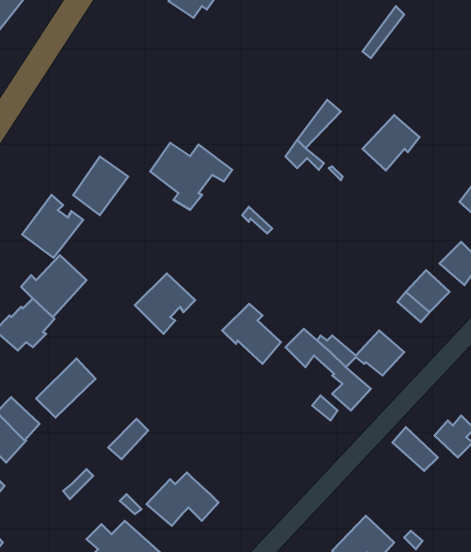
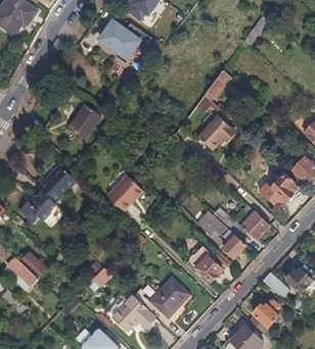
building: [363,115,419,170] -> [198,116,233,150]
building: [150,143,232,210] -> [100,21,150,62]
building: [22,195,83,258] -> none
building: [222,304,281,364] -> [185,245,221,282]
building: [36,358,96,417] -> none
building: none -> [139,277,189,317]
building: none -> [249,298,280,332]

